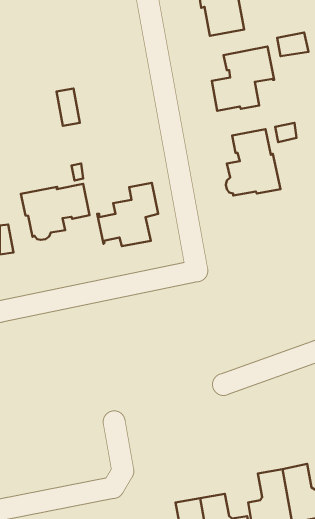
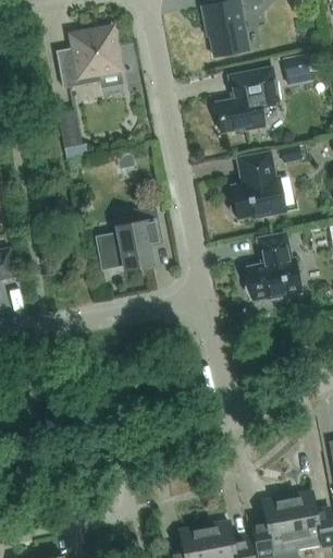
building: none -> [55,27,122,87]
building: [21,184,90,240] -> none
building: none -> [245,232,300,300]

